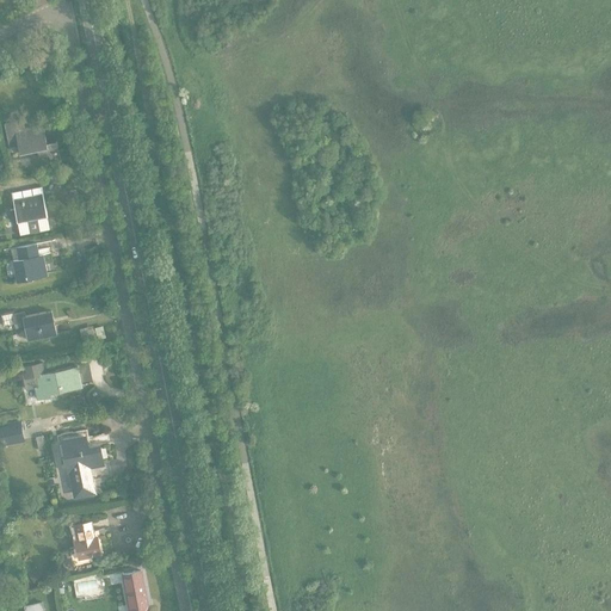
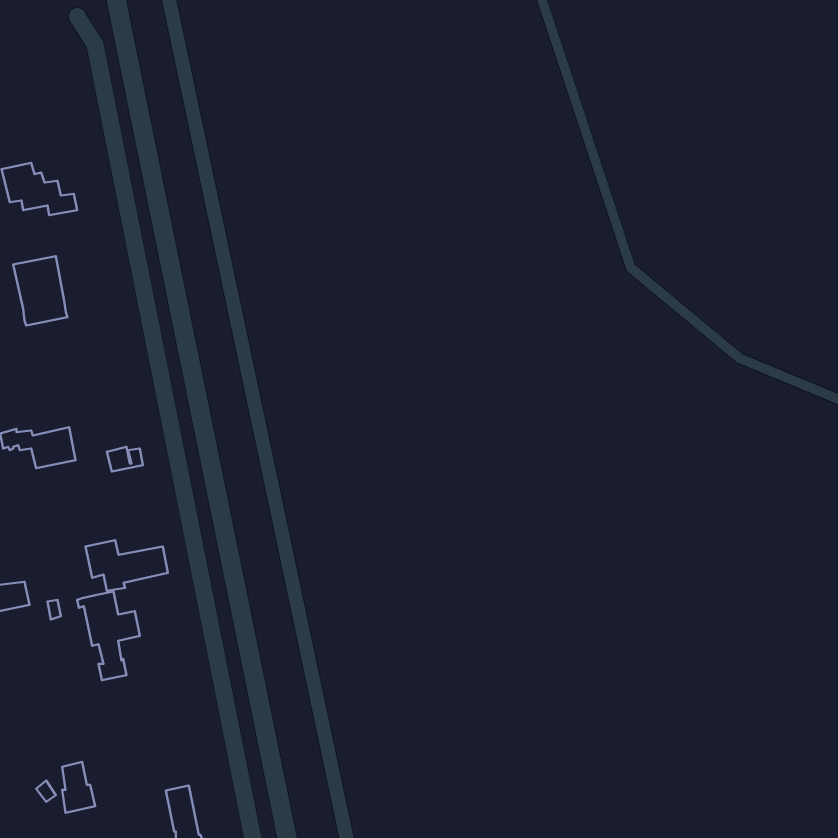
building: [10,245,45,282] -> none
building: [19,363,79,400] -> [86,540,168,591]
building: [74,521,98,558] -> [62,762,95,813]

